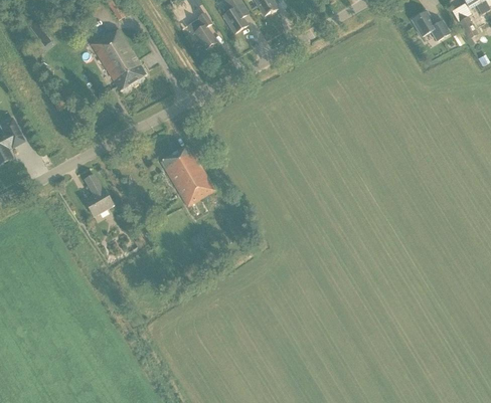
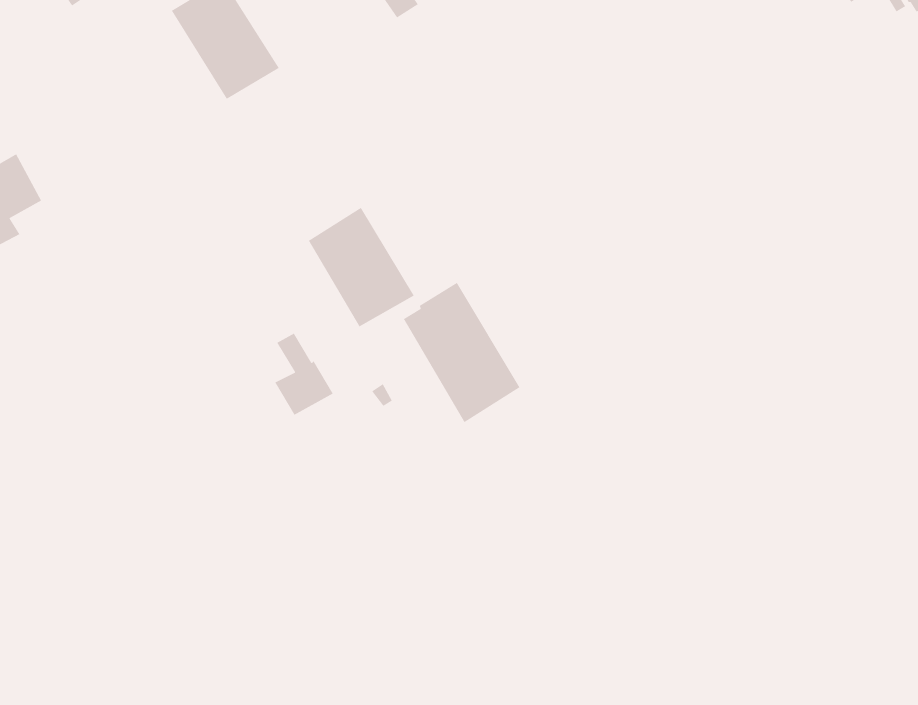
building: [83,174,113,216] -> [274,333,334,416]
building: none -> [403,282,521,423]

